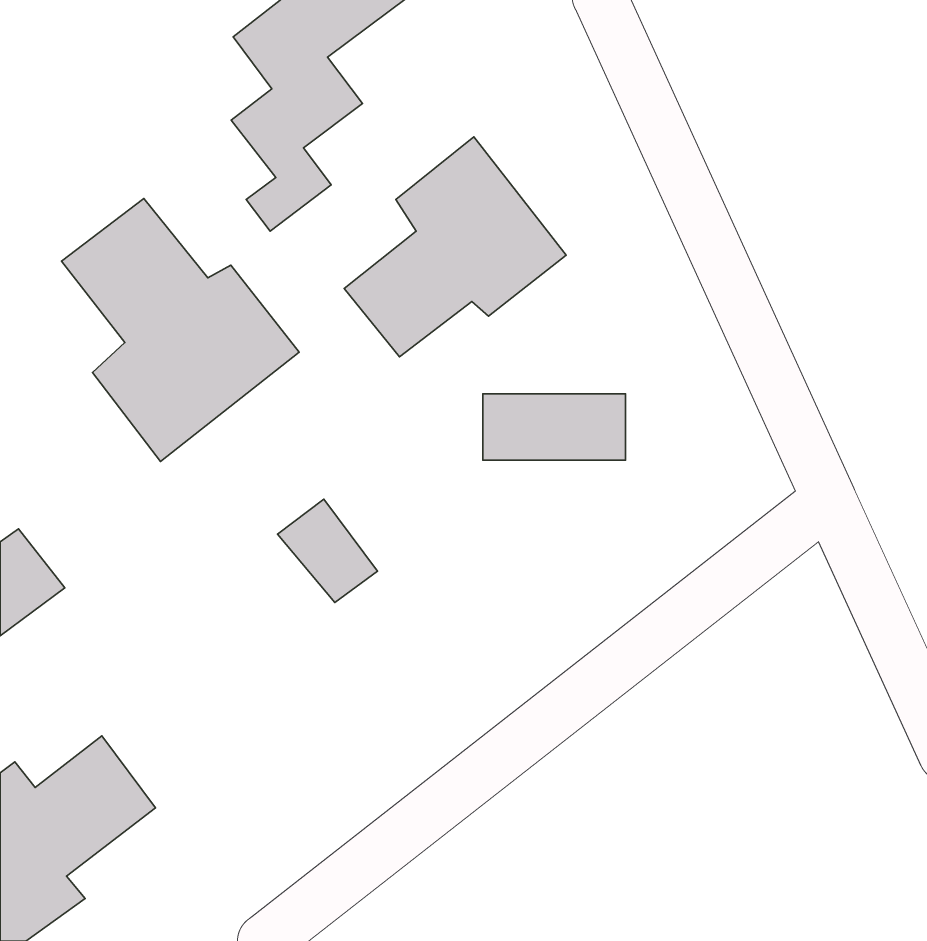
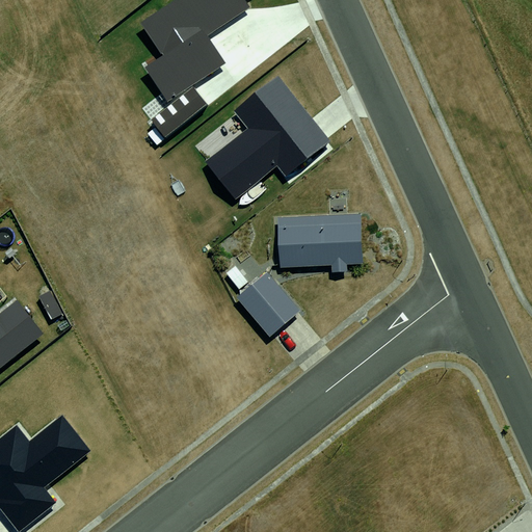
building: [62,198,299,462] -> none
building: [277,499,377,603] -> [242,275,298,334]

